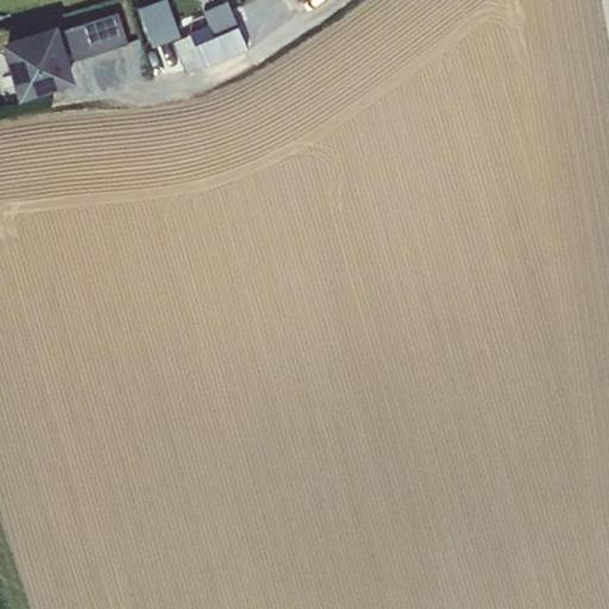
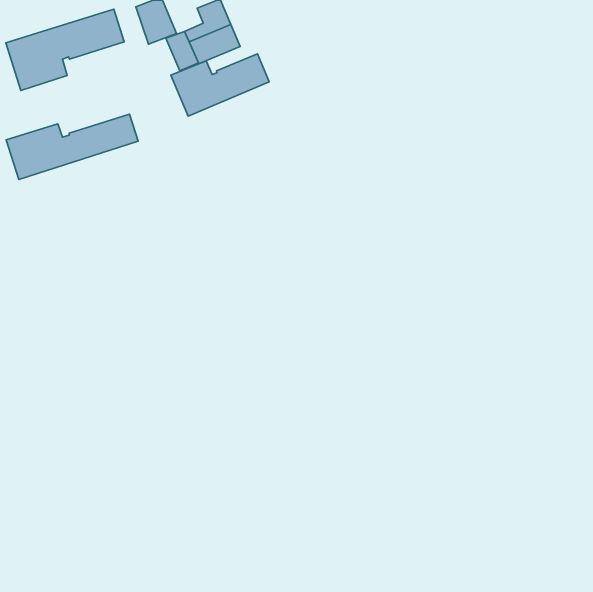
building: none -> [171,54,269,116]
building: none -> [6,114,138,180]

